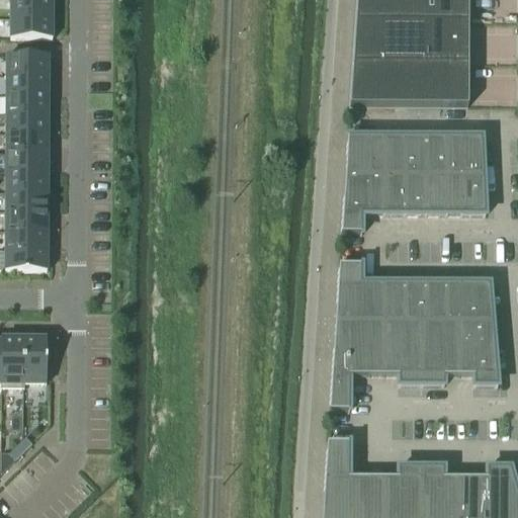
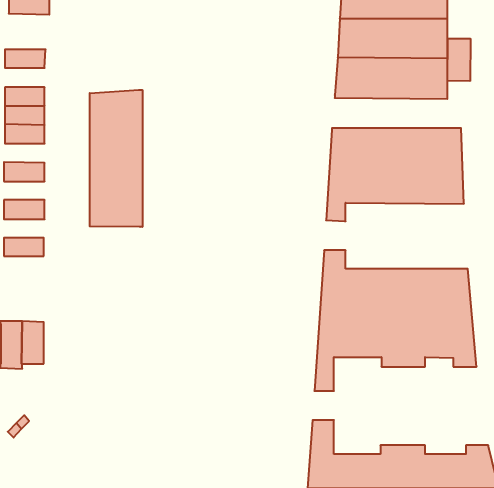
building: [11,14,54,35] -> none
building: none -> [447,38,470,81]
building: [7,71,49,91] -> none
building: none -> [90,90,142,227]
building: [6,150,49,170] -> none
building: [6,189,49,208] -> none
building: [6,229,49,248] -> none

